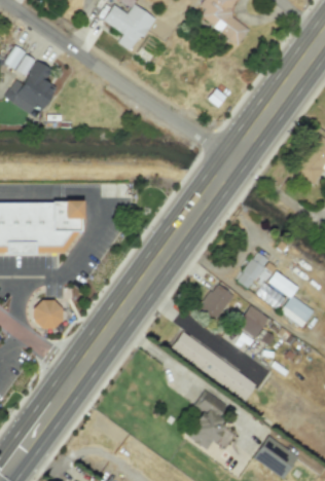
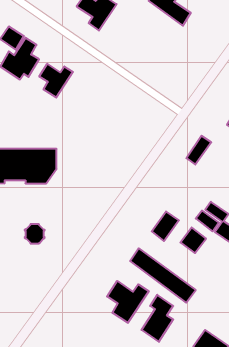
building: none -> [39,64,73,98]
building: [238,252,269,289] -> [186,136,211,165]
building: none -> [107,281,149,323]

